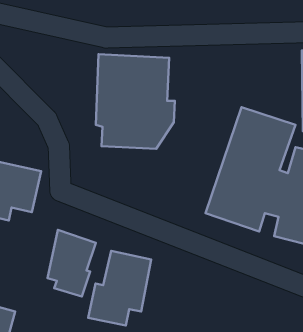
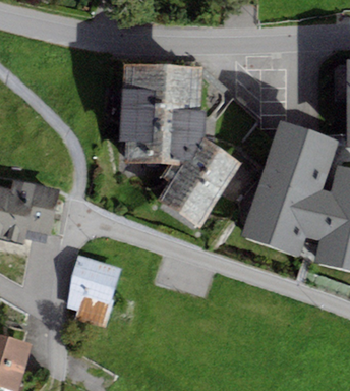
building: none -> [160,136,241,229]
building: [88,251,151,326] -> none

